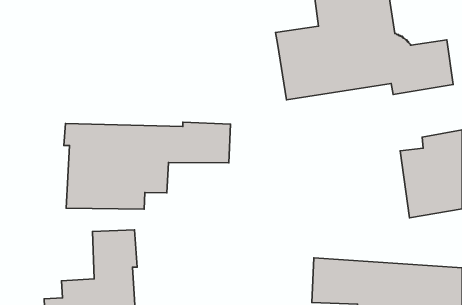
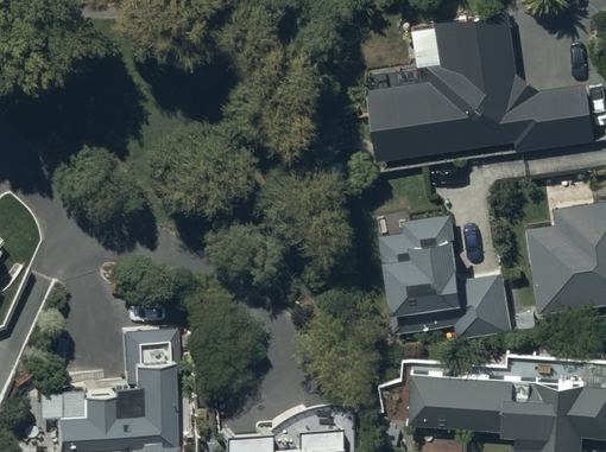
building: [64,122,230,209] -> none
building: none -> [380,214,512,342]

